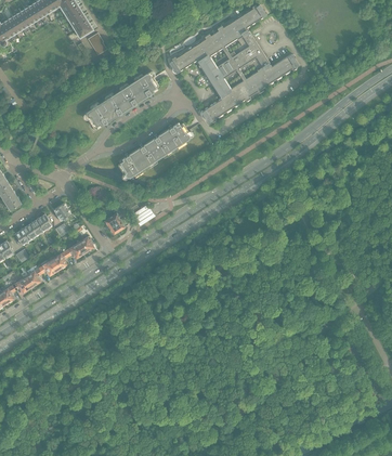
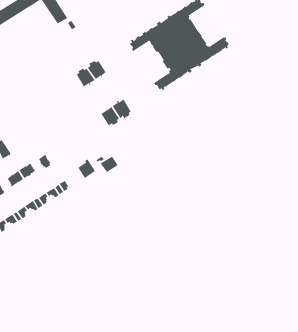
building: [131,71,158,99] -> none
building: [82,102,112,128] -> none
building: [162,122,192,148] -> none
building: [117,152,143,179] -> none

